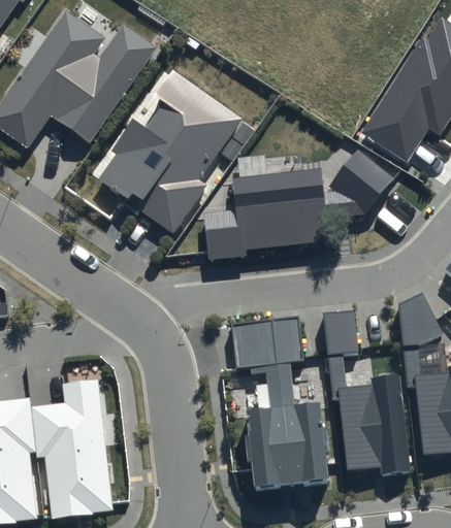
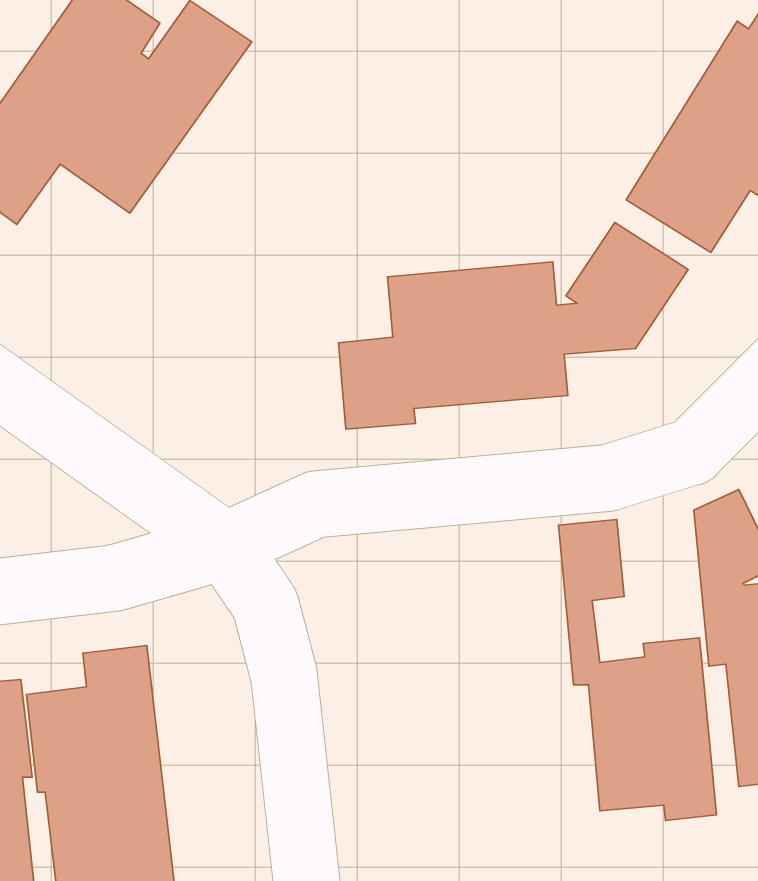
building: [96,70,244,235] -> none
building: [230,315,330,486] -> none

